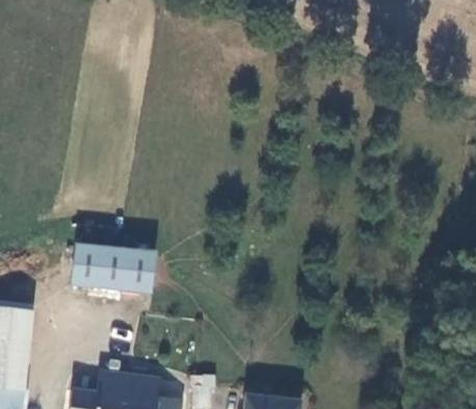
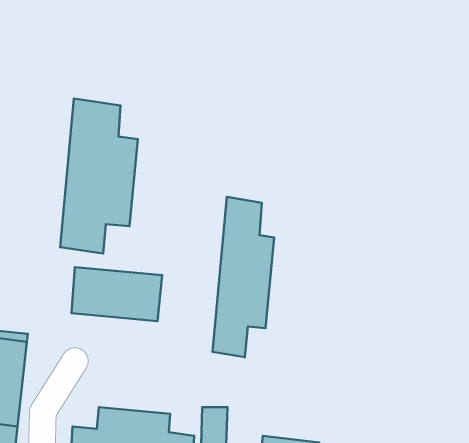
building: none -> [60,98,138,253]
building: none -> [213,197,274,357]

